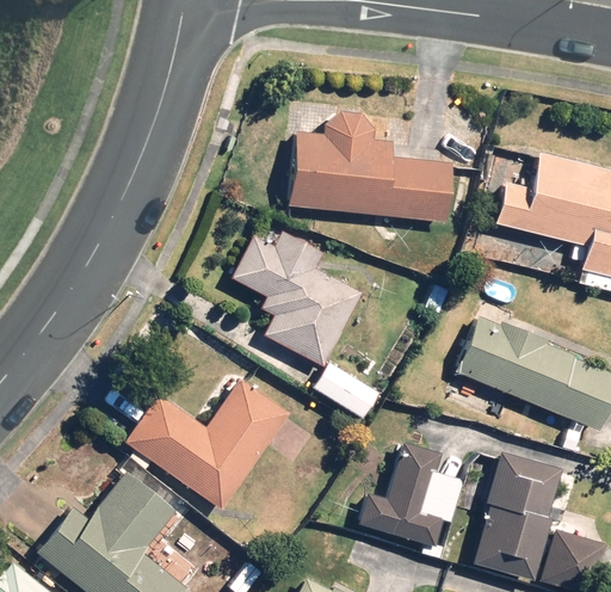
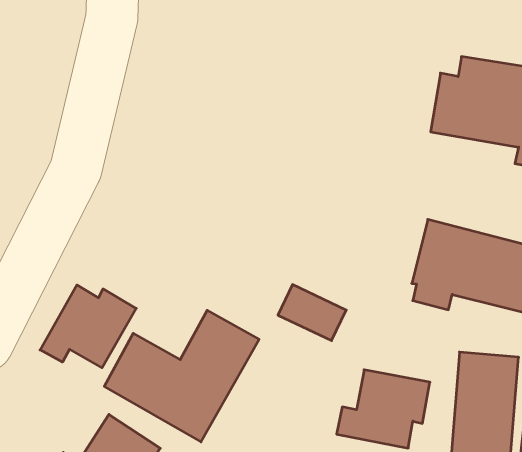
building: [288,136,452,221] -> none
building: [227,229,366,368] -> none
building: none -> [40,285,136,368]

